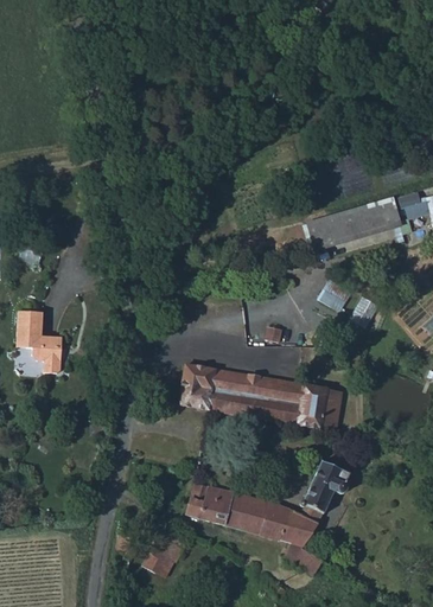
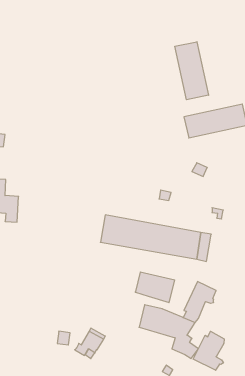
building: none -> [175,42,209,100]
building: [189,484,247,529] -> [135,272,175,303]
building: none -> [193,331,224,370]

